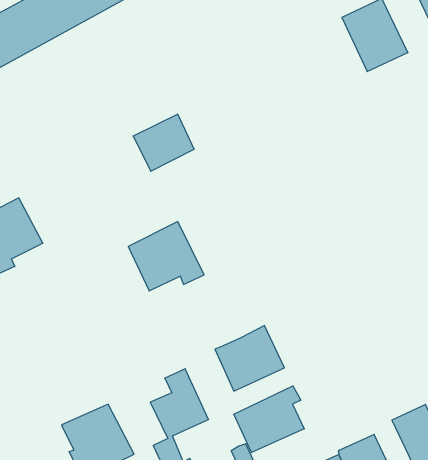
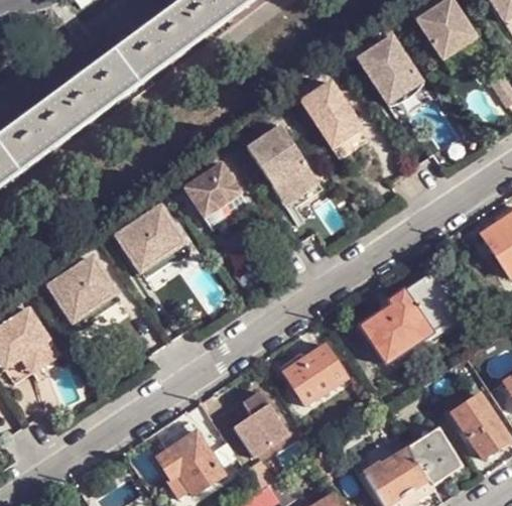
building: none -> [299,82,360,147]
building: none -> [246,127,317,199]
building: [128,222,204,291] -> [117,206,188,271]
building: none -> [361,271,458,361]
building: [234,386,304,453] -> none

